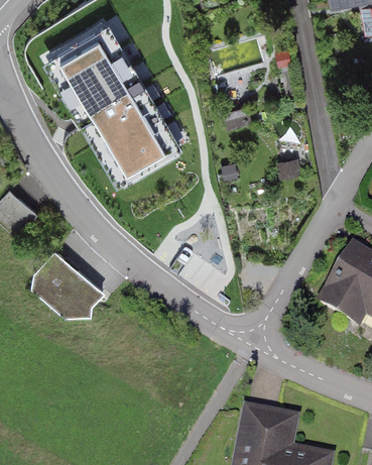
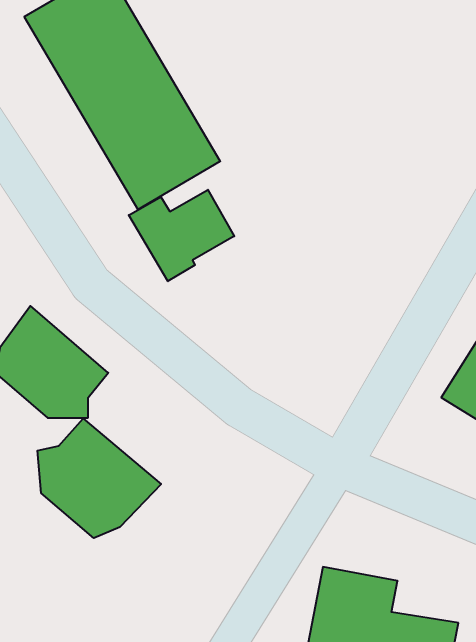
building: none -> [129,190,234,281]
building: none -> [37,418,161,538]

